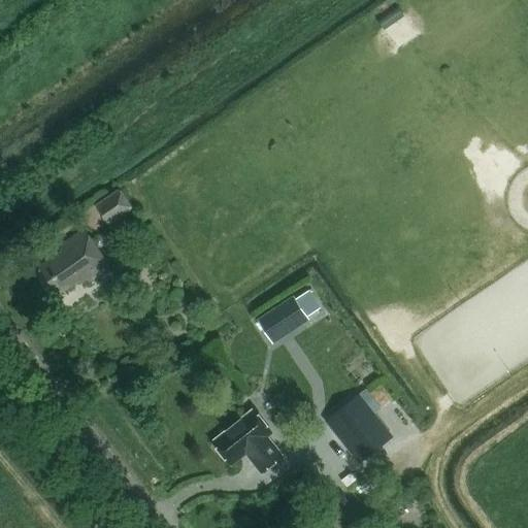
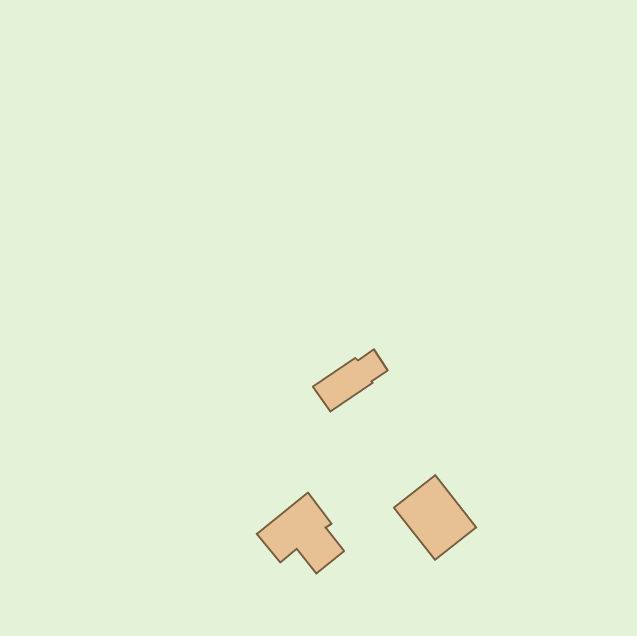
building: [95,189,134,227] -> none
building: [40,229,110,294] -> none

